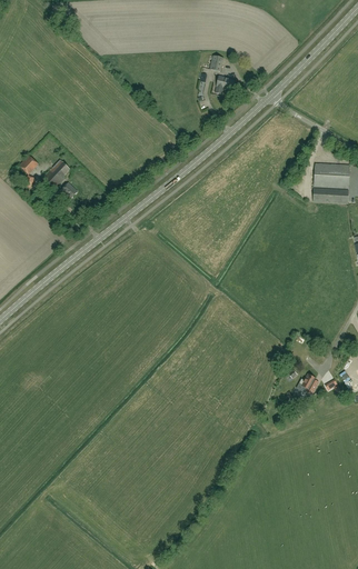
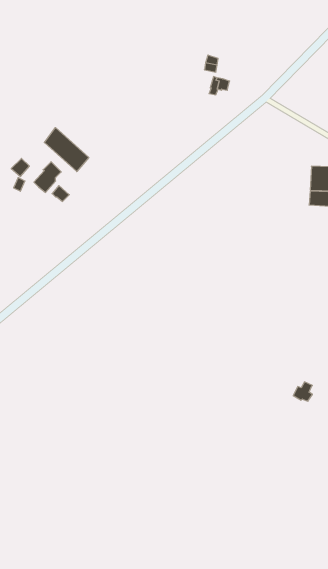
building: none -> [44,128,89,172]

